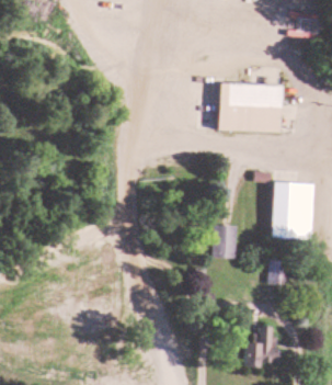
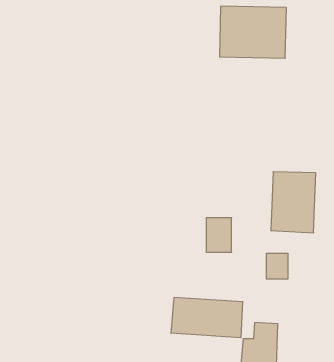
building: [218,82,282,132] -> [220,6,286,58]
building: none -> [171,297,243,338]

